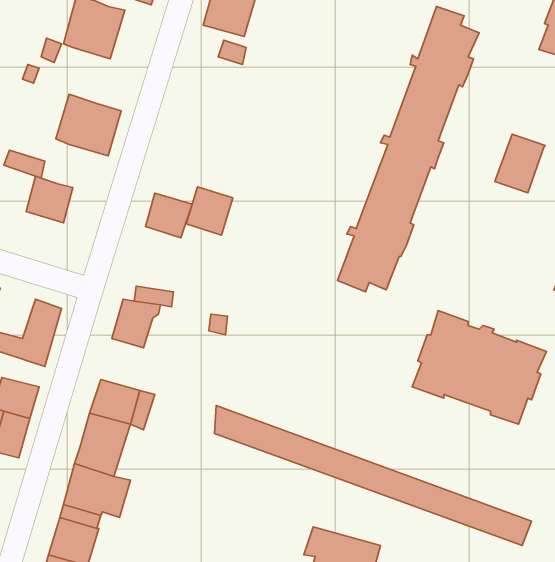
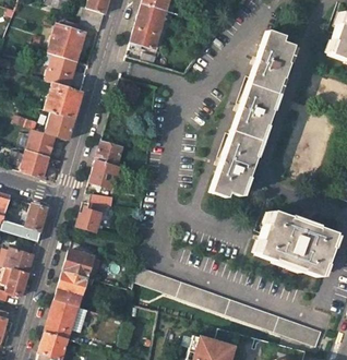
building: none -> [45,55,75,87]
building: [495,134,545,193] -> none
building: none -> [45,111,74,141]
building: [186,187,233,235] -> [89,159,117,188]
building: none -> [16,151,48,178]

